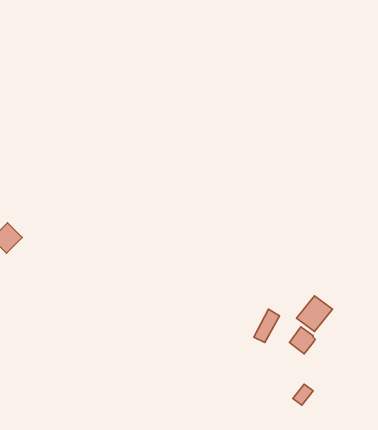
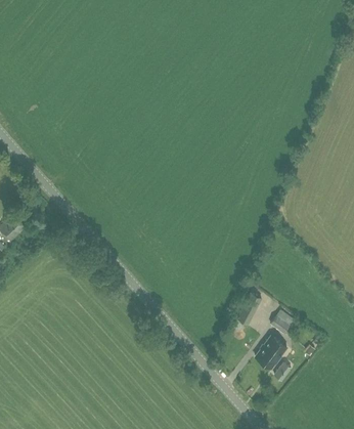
building: [297,296,332,332] -> [255,334,287,367]

